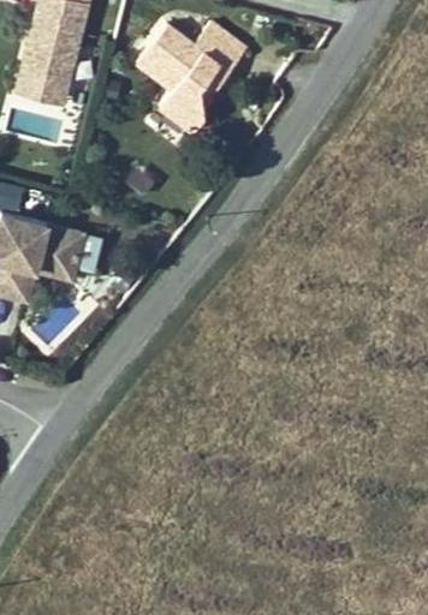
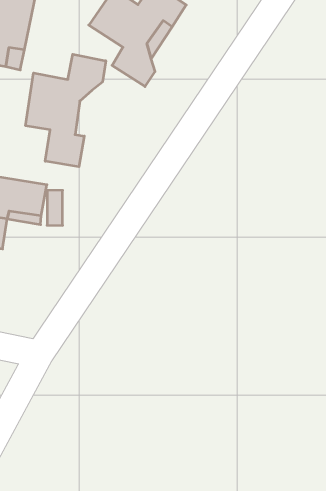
building: none -> [26,54,106,167]

